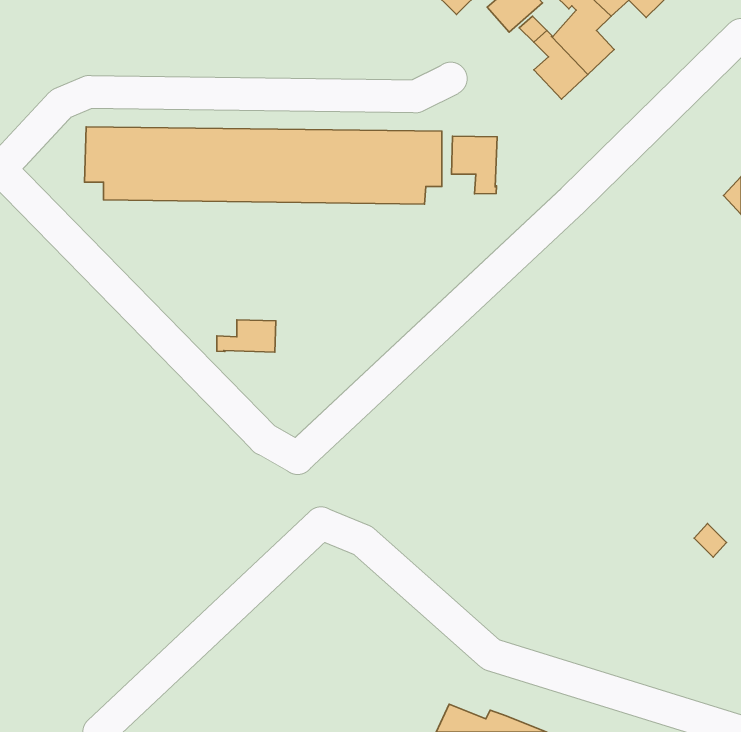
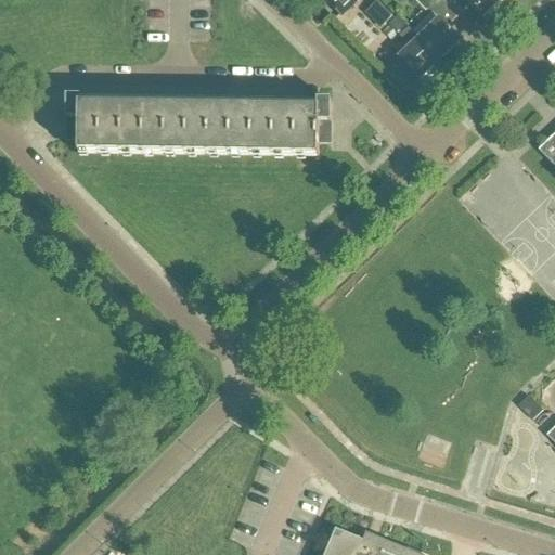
building: [451,136,497,194] -> none
building: [217,320,276,352] -> none

